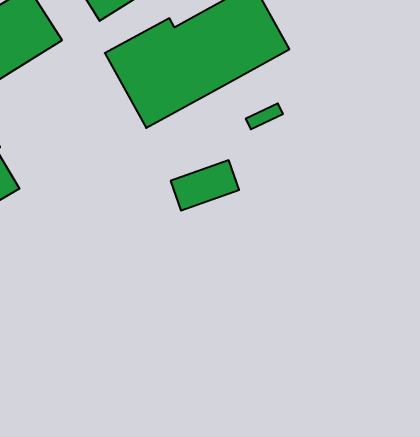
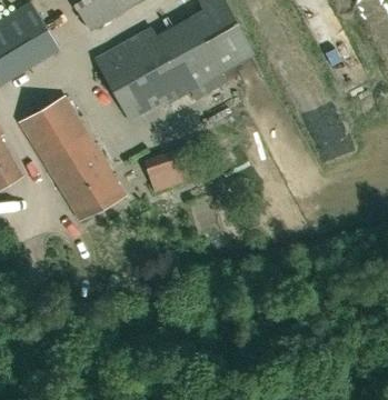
building: none -> [19,96,123,218]

